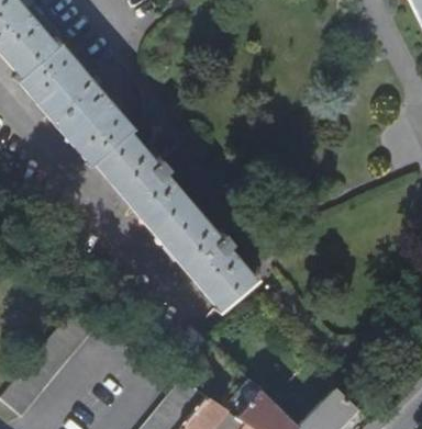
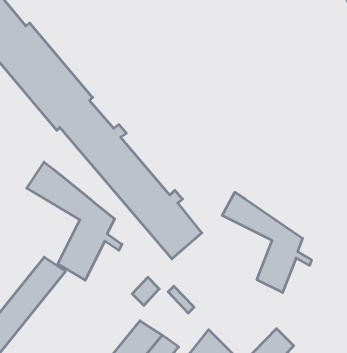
building: none -> [27,162,122,280]
building: none -> [222,192,311,293]

